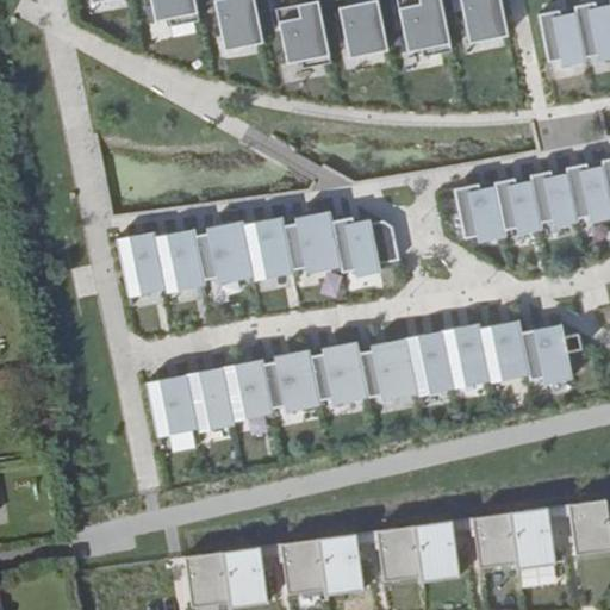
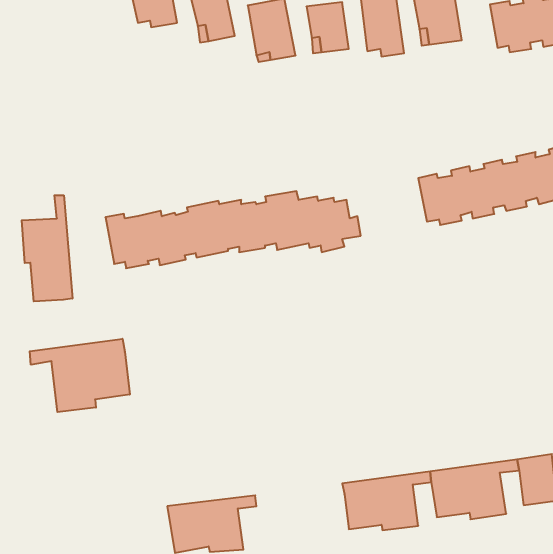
building: none -> [22,195,72,301]
building: [147,326,585,434] -> none
building: none -> [30,339,130,412]
building: [282,530,380,595] -> none

